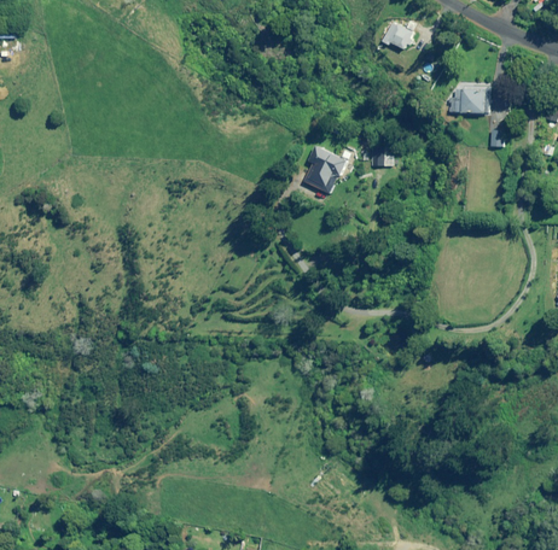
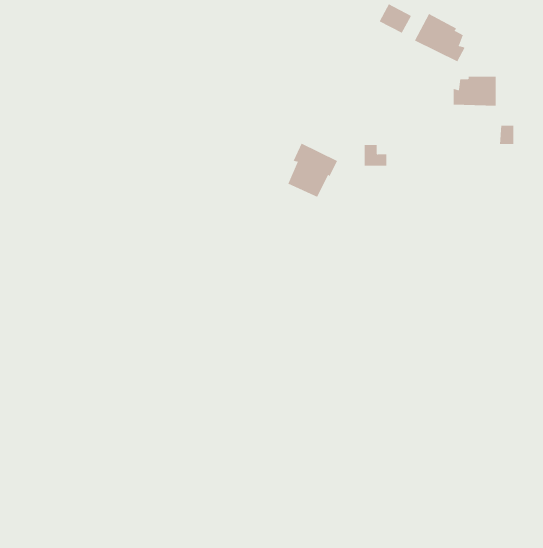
building: none -> [414,13,465,62]

